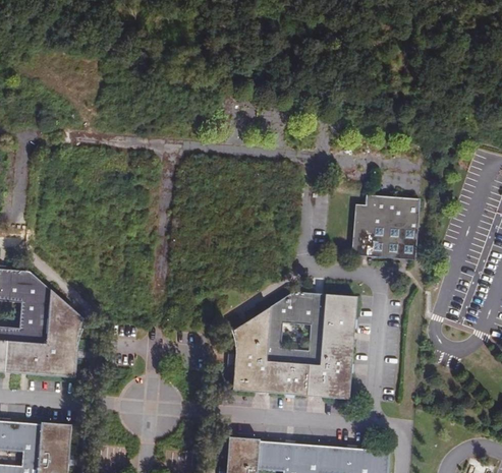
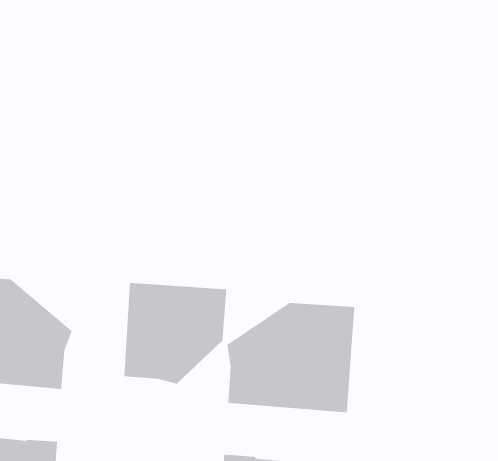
building: [354,194,421,256] -> none
building: none -> [124,282,227,385]

